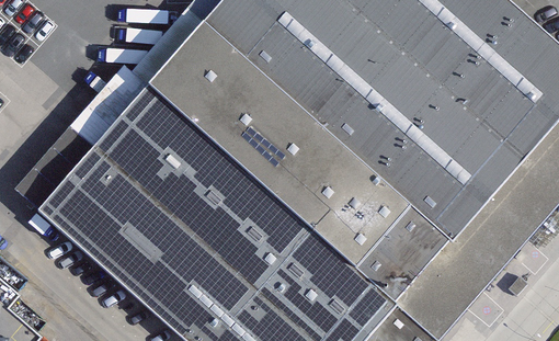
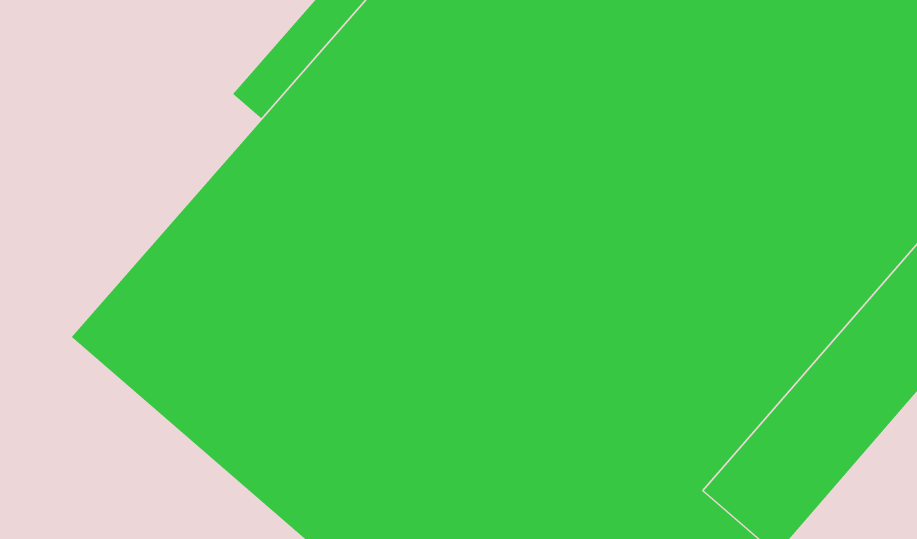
building: [30,76,162,220] -> none

